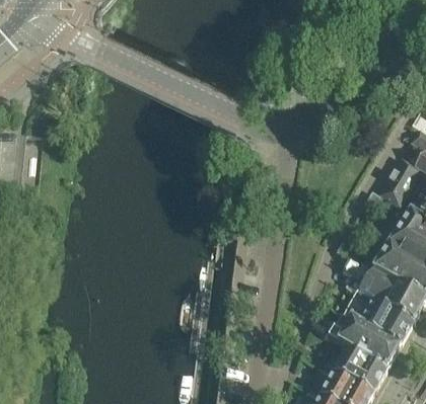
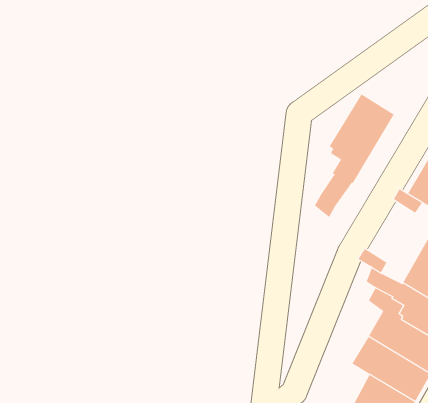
building: none -> [314,94,394,218]

